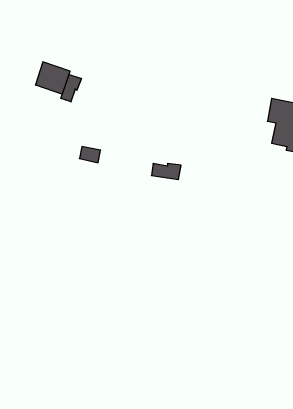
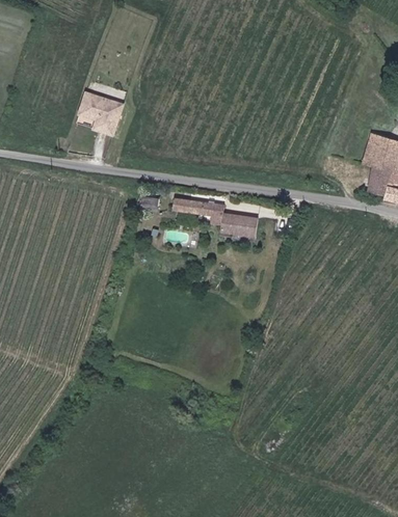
building: [61,75,81,102] -> none
building: none -> [175,195,224,223]

